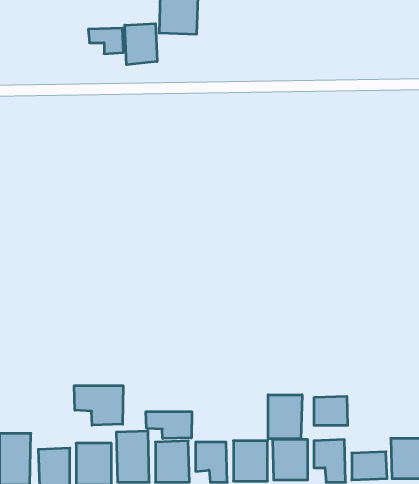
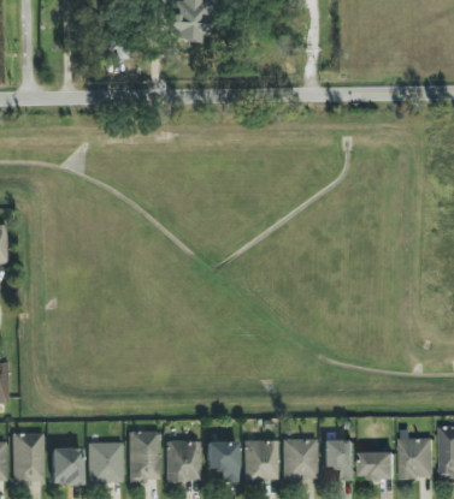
building: [125,24,157,65] -> none
building: [74,386,123,425] -> none
building: [268,395,302,439] -> none
building: [314,396,348,425] -> none
building: [146,412,192,439] -> none

